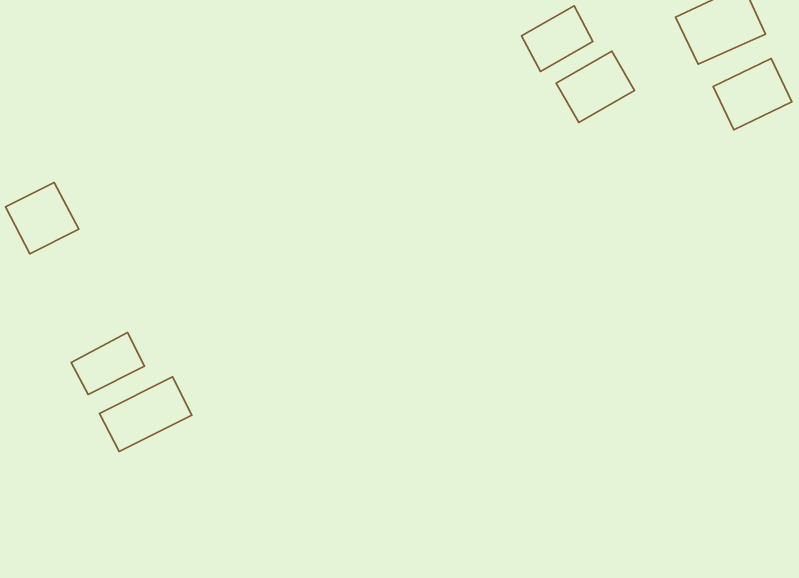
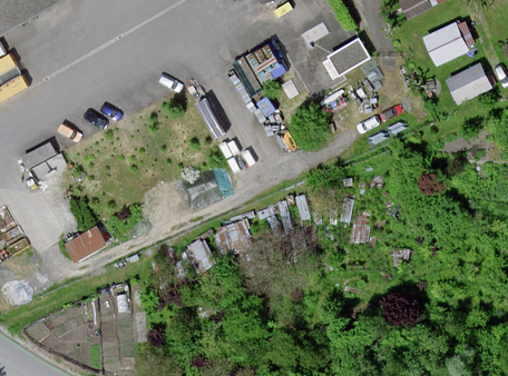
building: [556,51,635,122] -> none
building: [100,377,192,452] -> none

